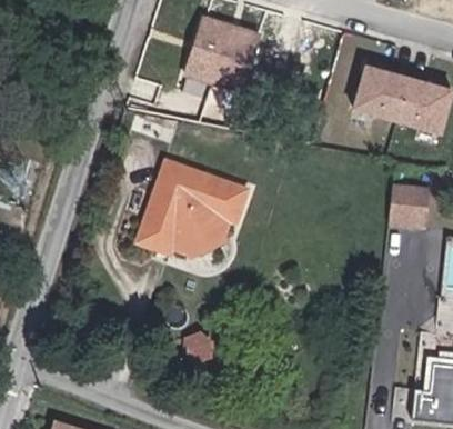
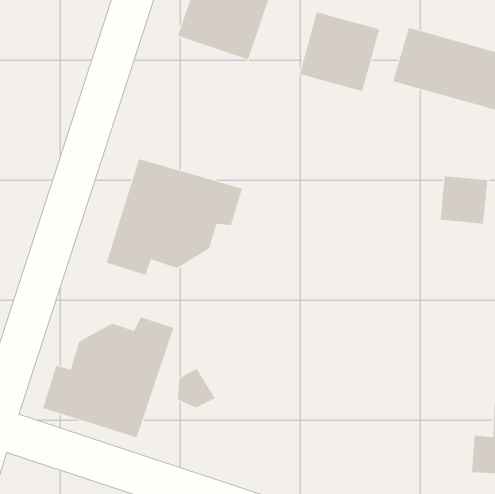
building: none -> [299,11,380,92]
building: none -> [43,317,174,438]

